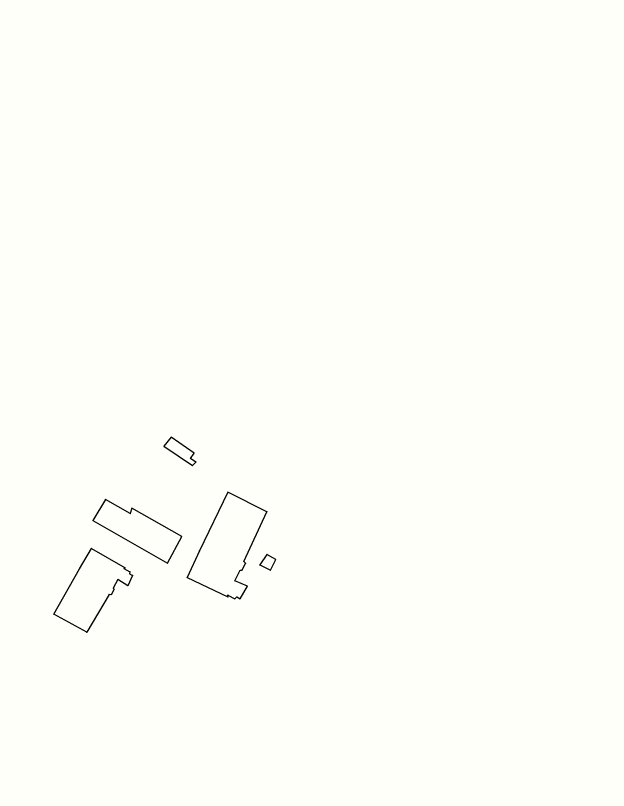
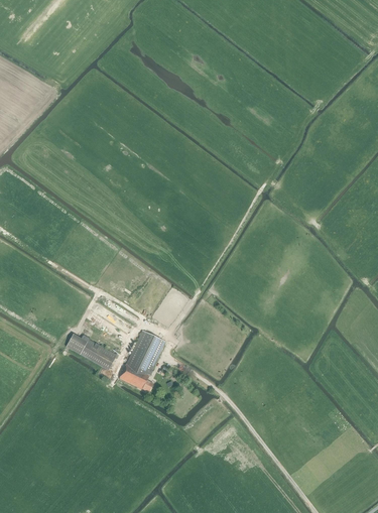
building: [54,548,133,632] -> none

